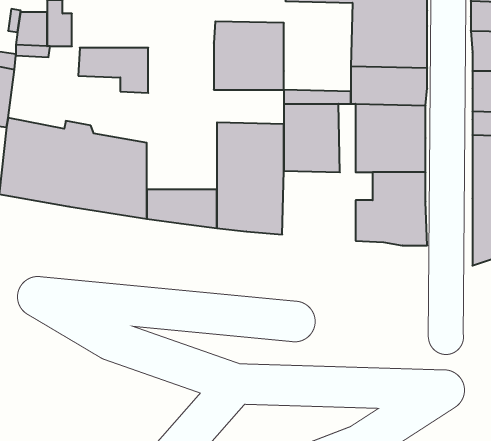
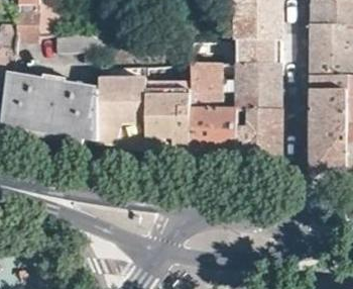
building: [214,21,284,90] -> [100,79,145,123]
building: none -> [188,111,235,157]

